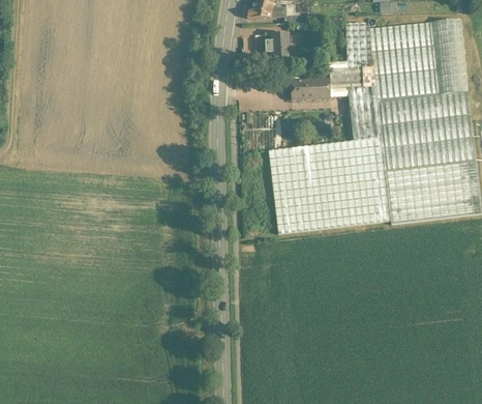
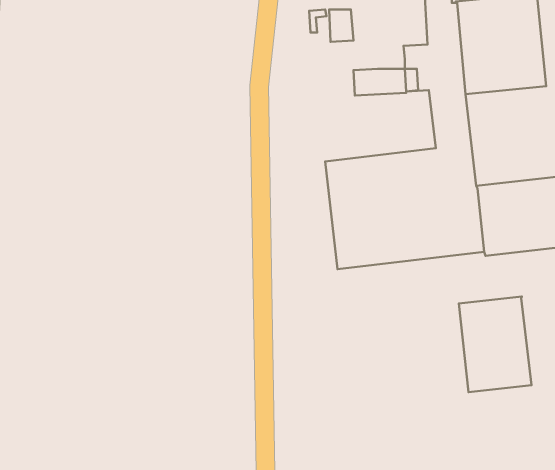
building: none -> [459,297,532,392]

